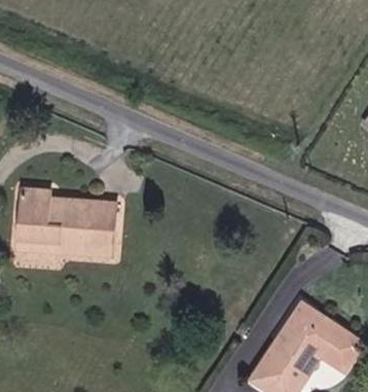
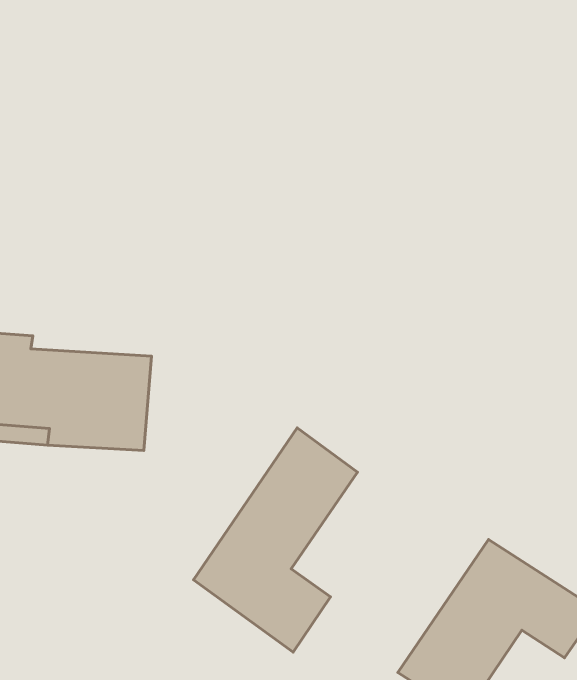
building: none -> [194,428,357,652]

